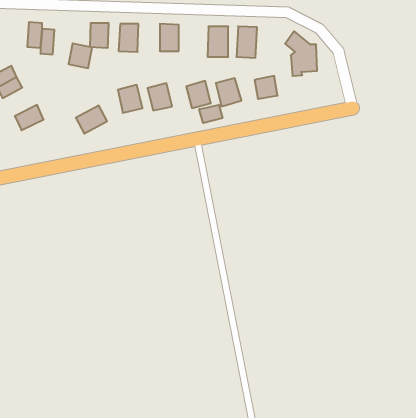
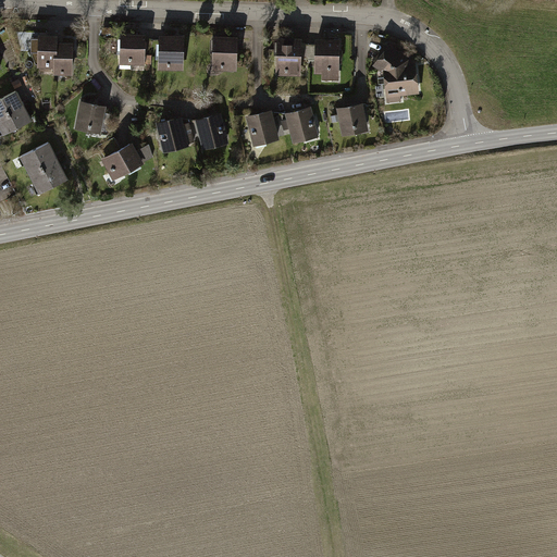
building: [68,43,92,68] -> [73,102,104,135]
building: [199,105,222,123] -> none
building: none -> [28,162,67,195]

